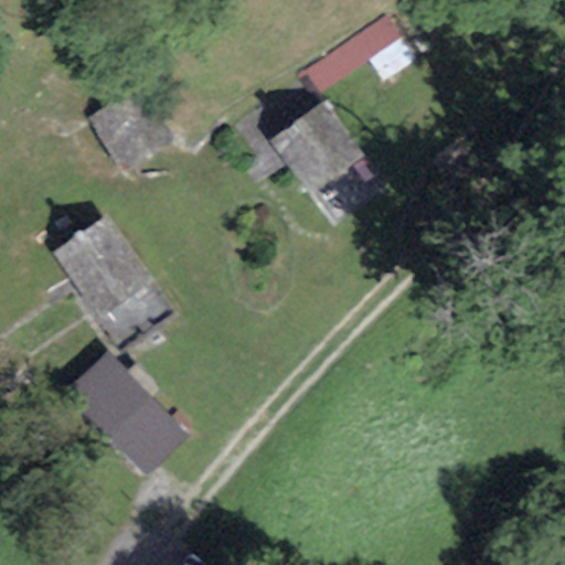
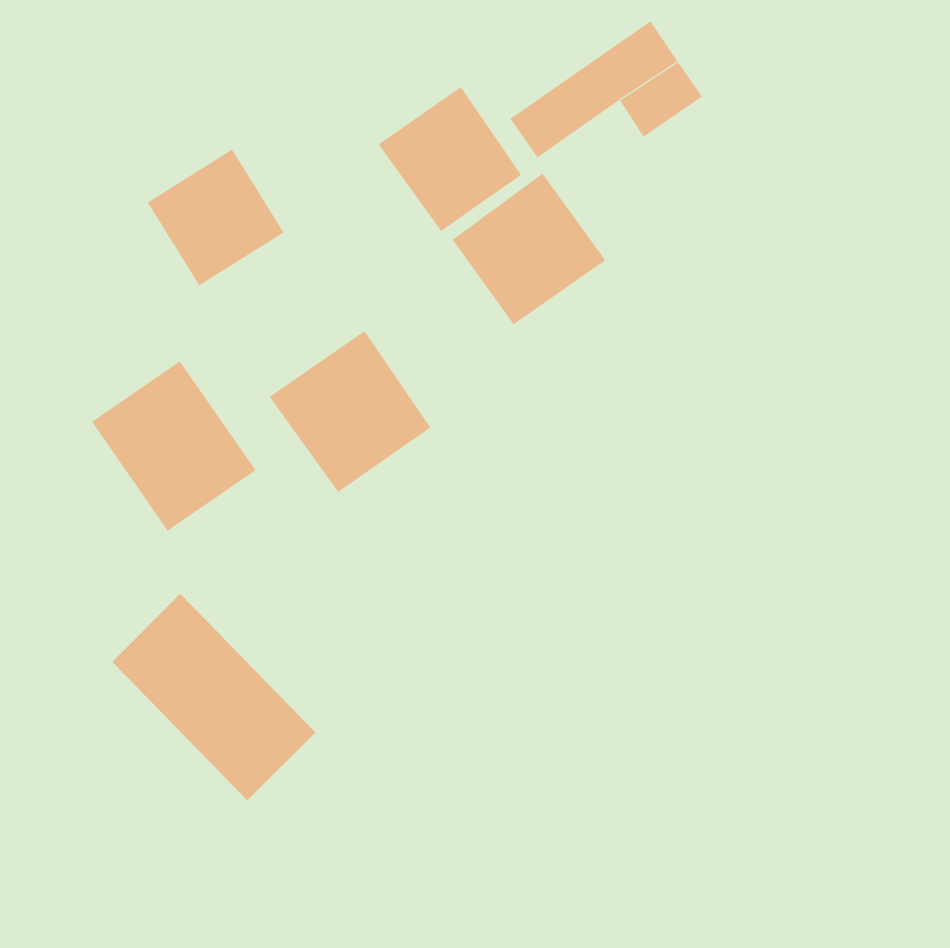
building: none -> [378,86,522,232]
building: none -> [269,330,431,493]

